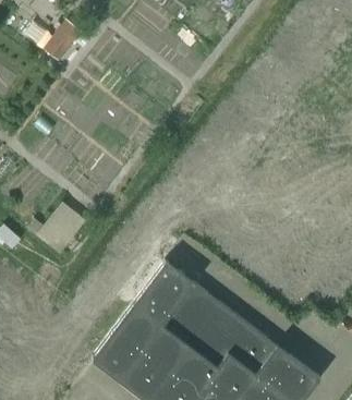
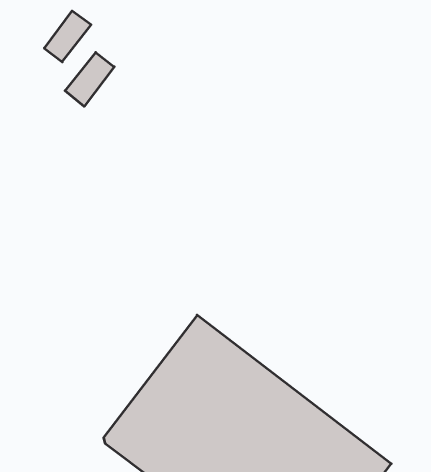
building: none -> [65,52,114,106]

